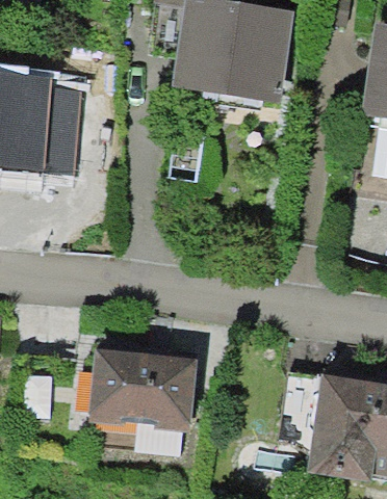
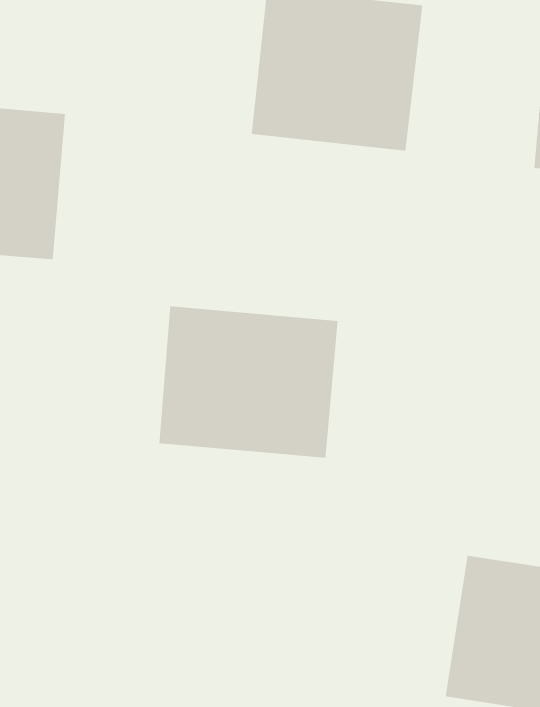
building: none -> [159,305,338,458]
building: [85,344,201,435] -> none

